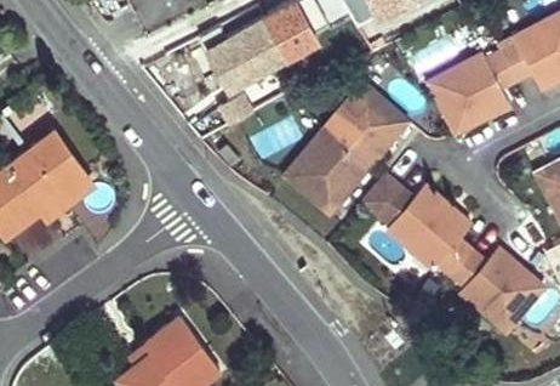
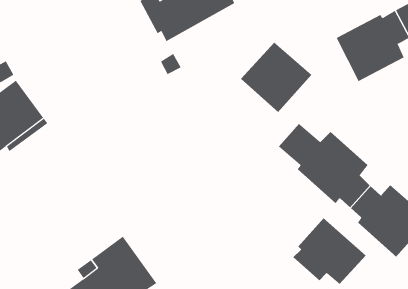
building: [279,130,365,216] -> none
building: none -> [293,217,366,285]

